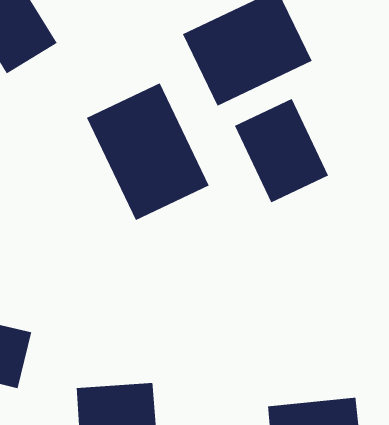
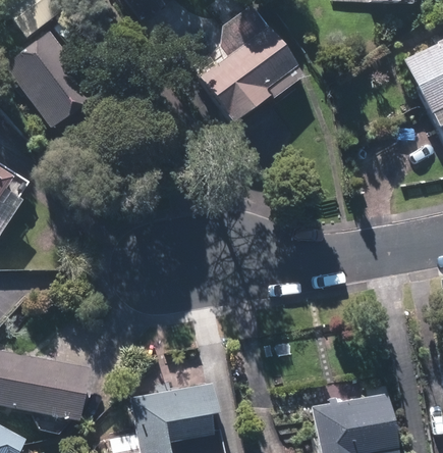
building: [86,82,210,221] -> none
building: [234,98,329,203] -> none

